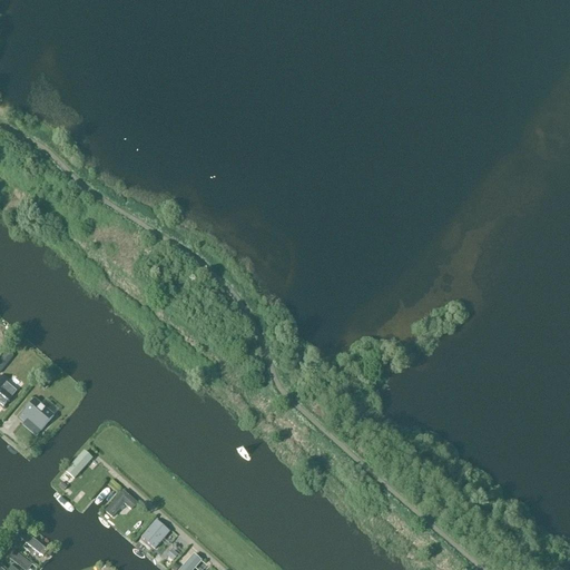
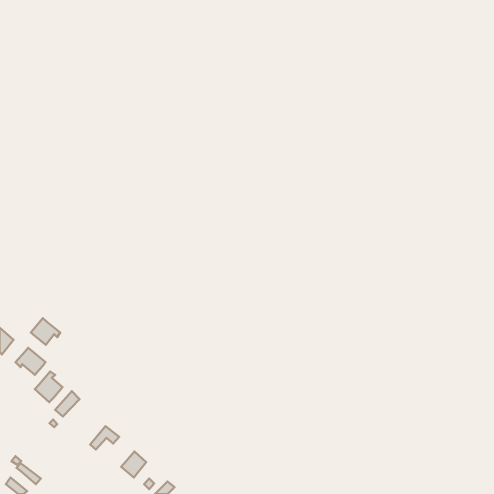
building: none -> [31,318,60,345]
building: none -> [35,372,63,402]

